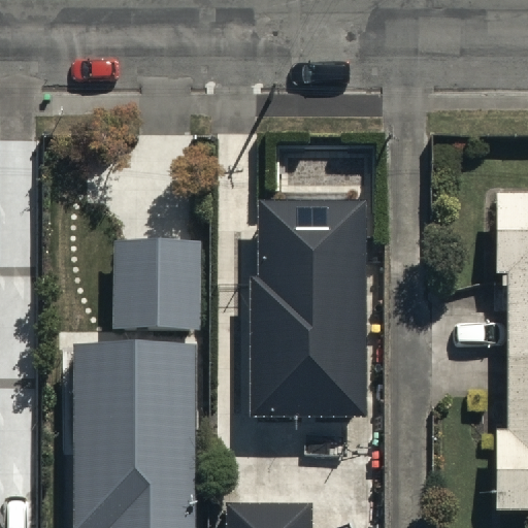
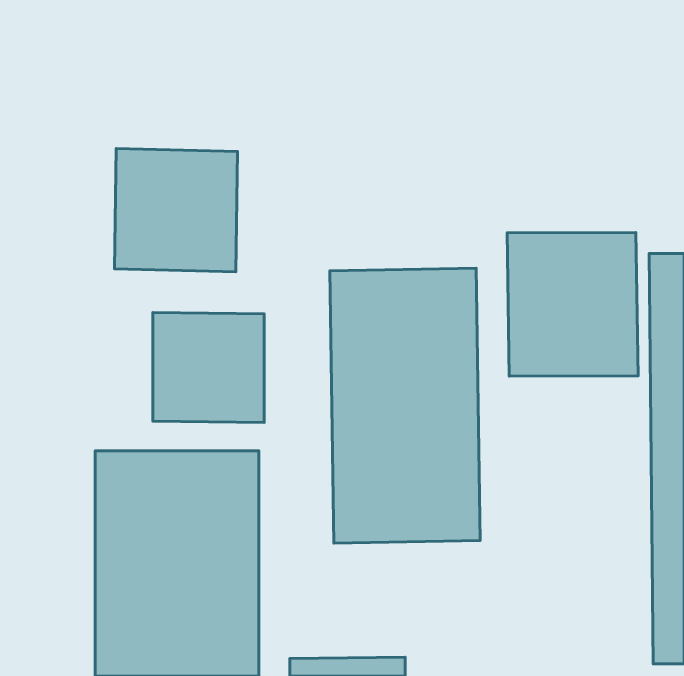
building: none -> [115,148,237,272]
building: none -> [507,232,638,376]

